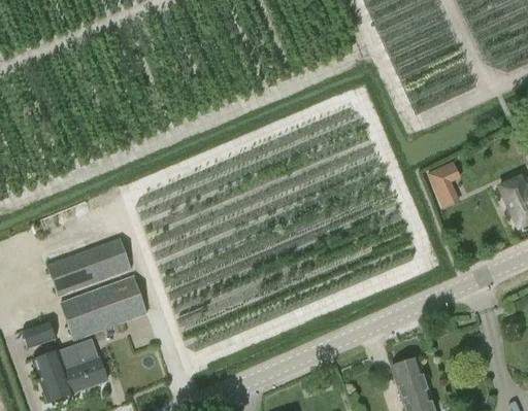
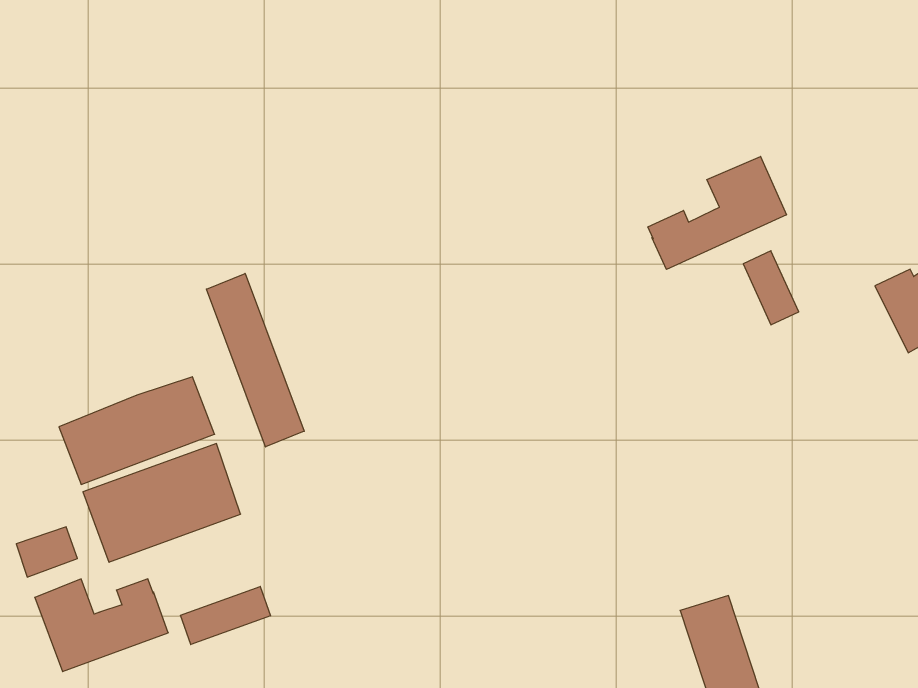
building: none -> [648,156,786,269]
building: none -> [206,273,304,447]
building: none -> [181,586,271,645]

